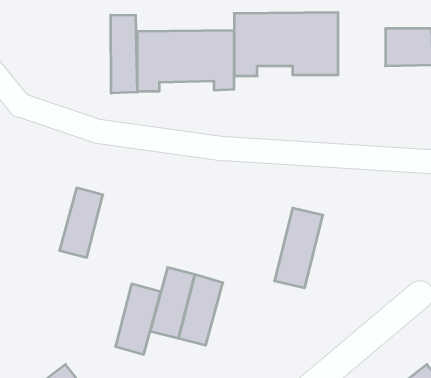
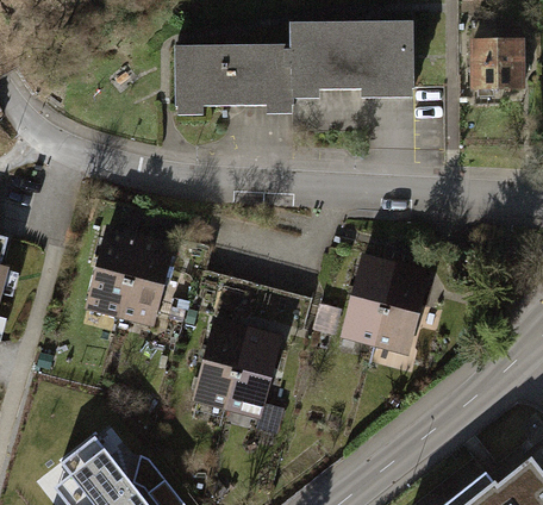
building: [111,15,137,93] -> none
building: none -> [375,263,435,359]
building: [115,284,161,354] -> [118,239,171,323]

